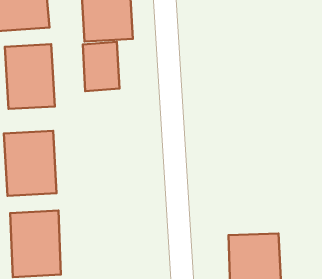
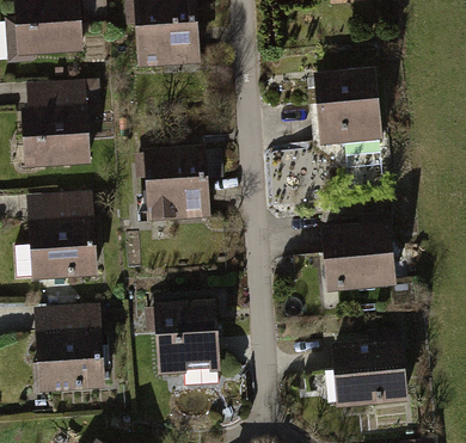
building: none -> [312,69,382,144]
building: [83,42,120,91] -> [148,149,198,216]
building: none -> [320,219,393,290]
building: none -> [157,303,221,381]

